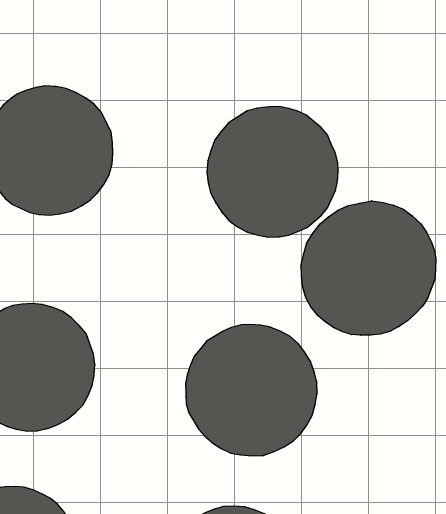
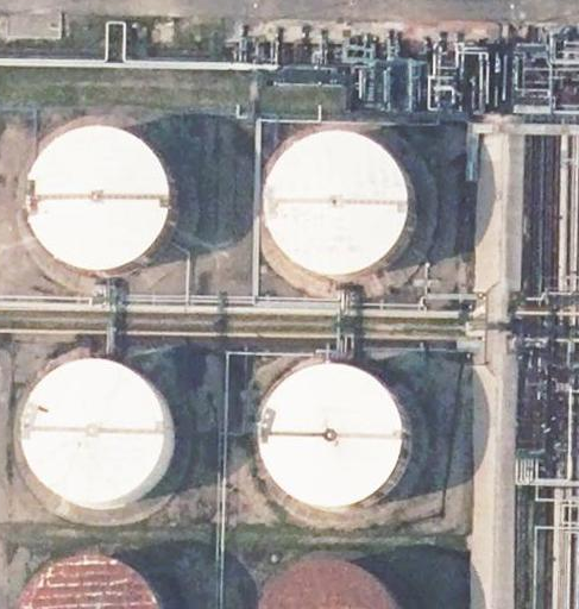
building: [301,201,436,335] -> none

